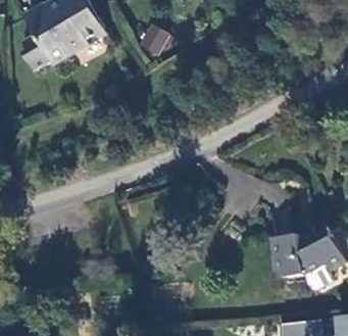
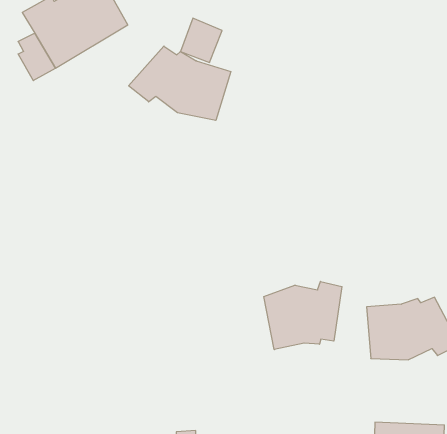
building: none -> [129,46,231,120]
building: none -> [264,281,342,350]

